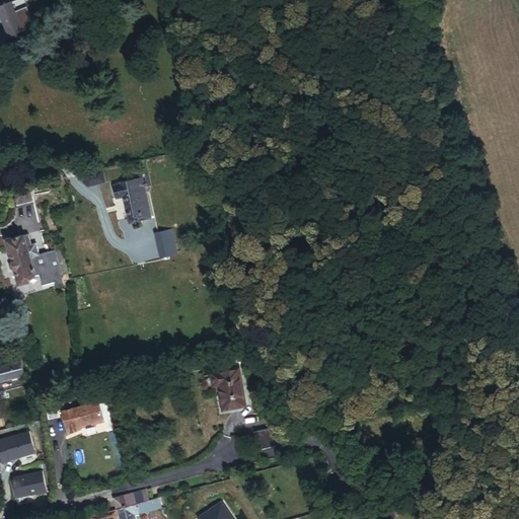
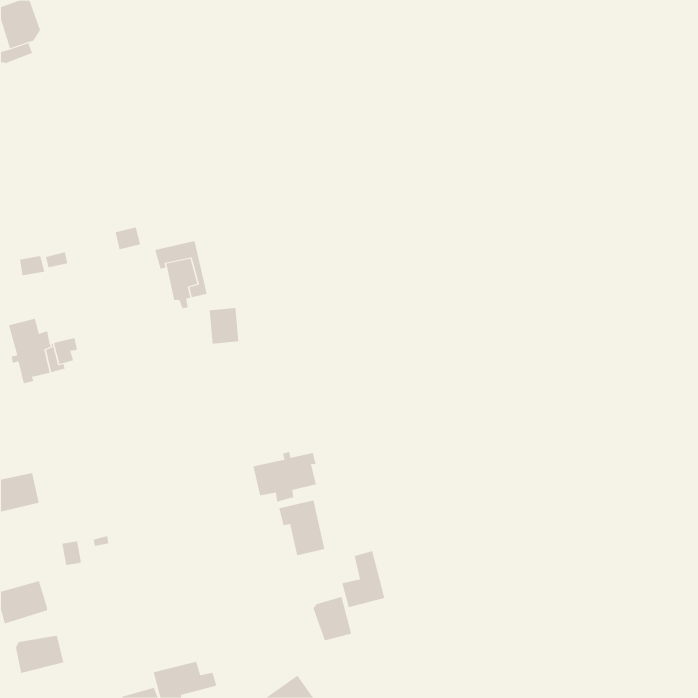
building: none -> [253,451,317,503]
building: [63,402,105,432] -> none
building: none -> [313,596,352,641]

